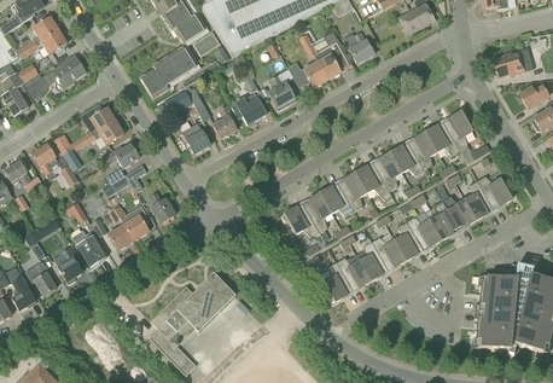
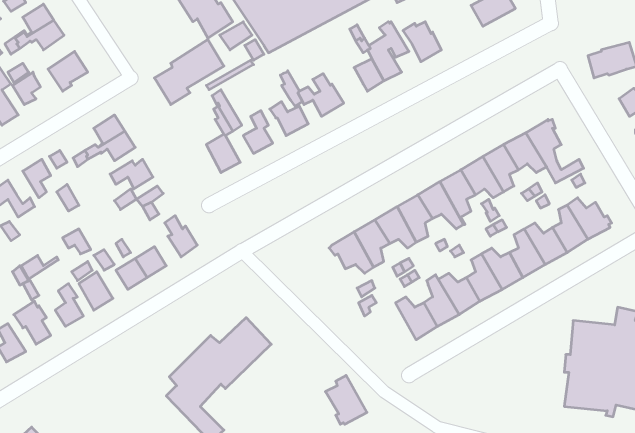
building: [320,260,354,300] -> [325,375,367,424]

